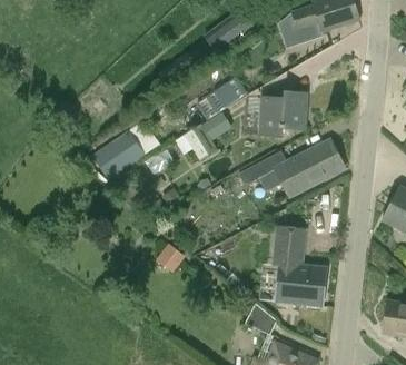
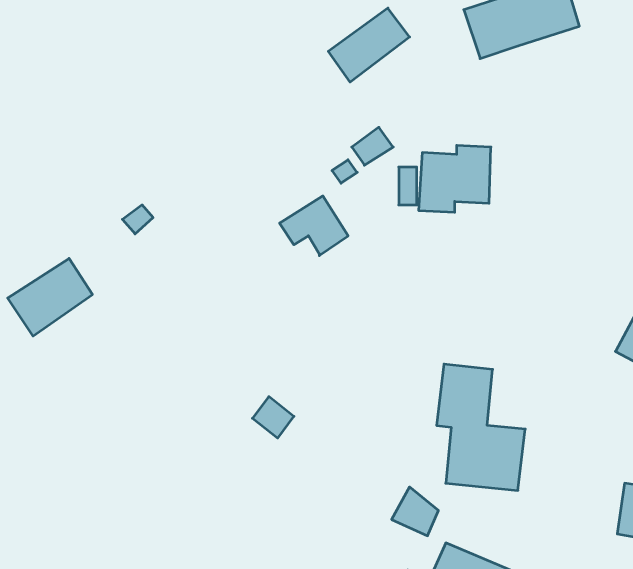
building: [91,131,143,179] -> [8,258,92,336]
building: [237,140,345,195] -> none

